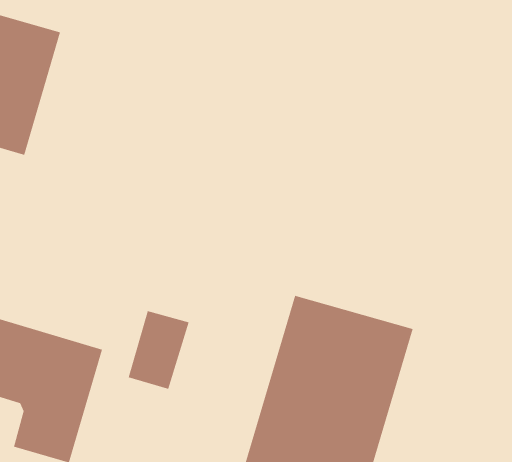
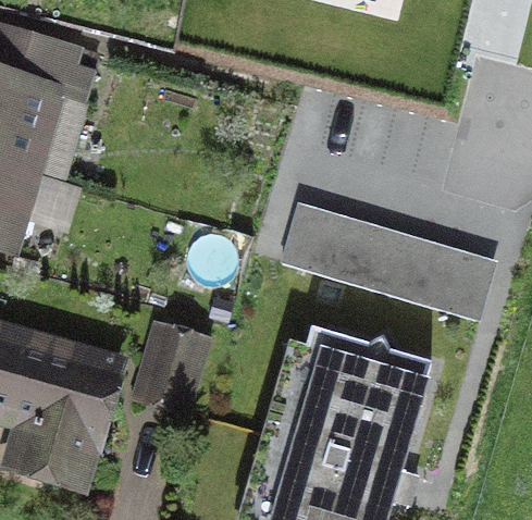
building: none -> [282,202,497,324]

